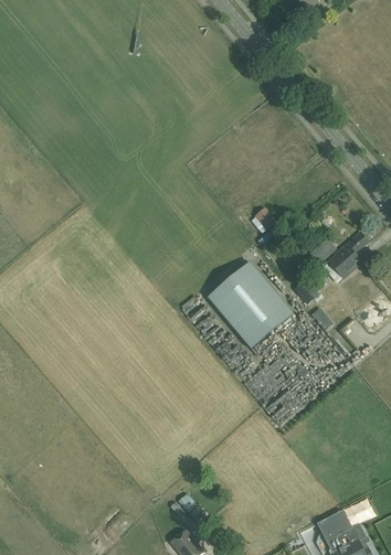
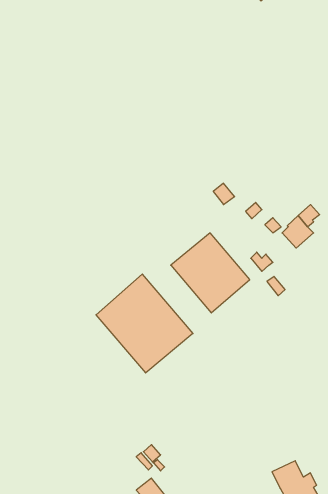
building: none -> [96,274,193,373]

